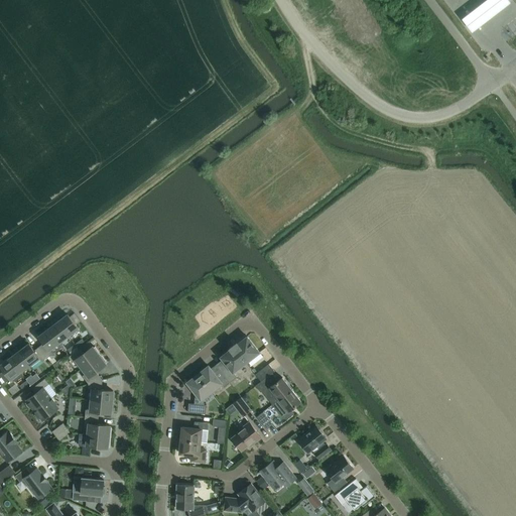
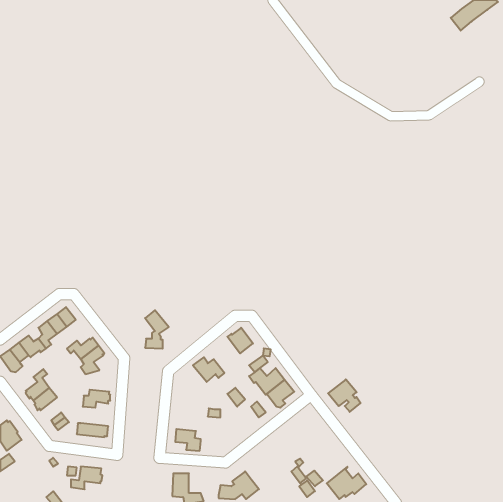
building: [219,346,246,383] -> none
building: [187,375,212,414] -> [145,310,169,349]
building: [87,380,115,402] -> none
building: [83,417,112,437] -> none
building: [180,422,209,442] -> none
building: [232,422,261,452] -> none
building: [297,426,331,460] -> [328,379,361,412]
building: [326,457,354,493] -> none
building: [260,462,296,489] -> none
building: [15,468,52,500] -> none

